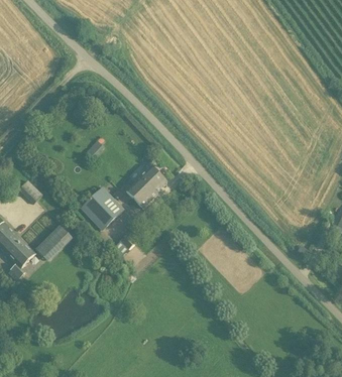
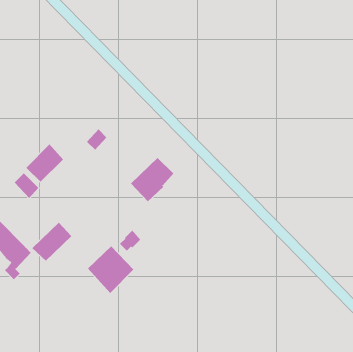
building: none -> [25,144,64,183]
building: [80,185,123,230] -> [87,245,134,294]

